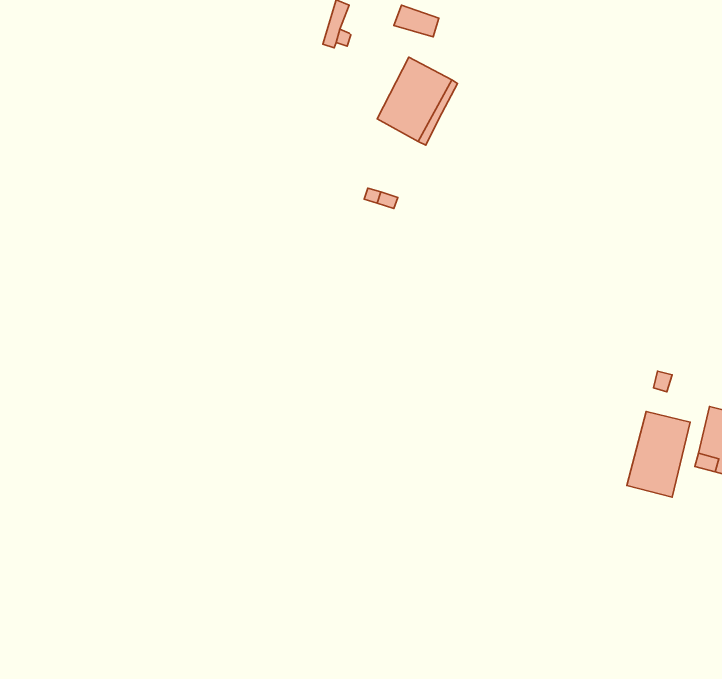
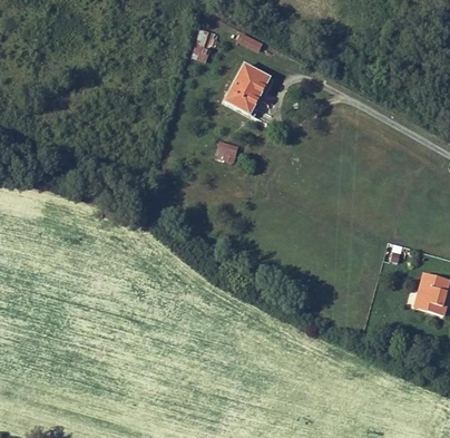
building: [627,411,690,497] -> none

